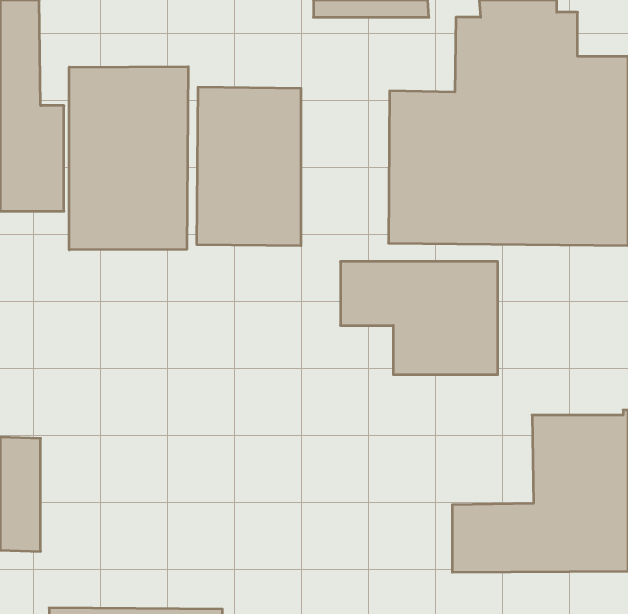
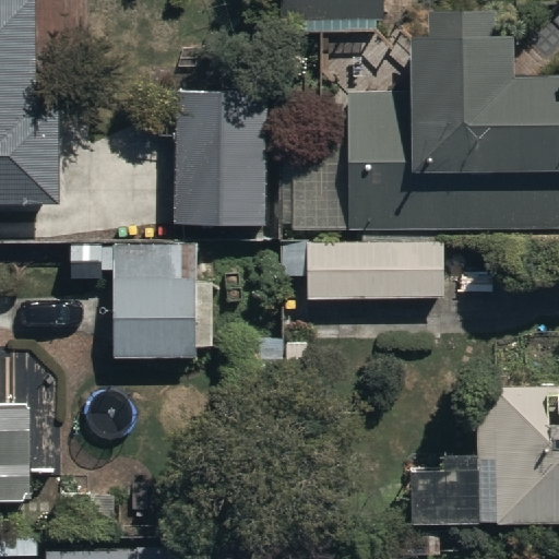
building: [69,67,188,250] -> none
building: none -> [114,278,214,358]

